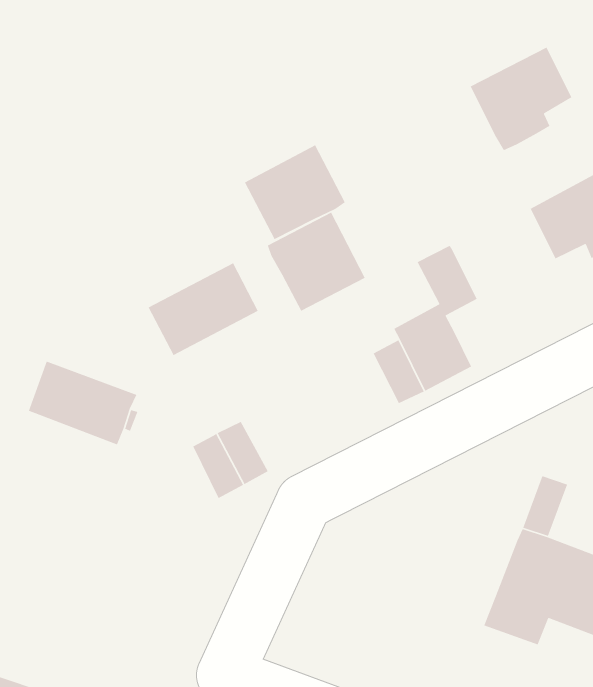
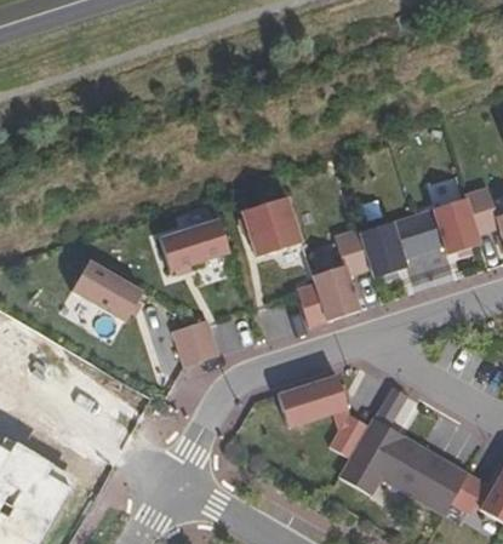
building: [470,47,572,151] -> [360,216,424,277]
building: [244,144,346,240] -> none
building: none -> [278,374,370,458]

